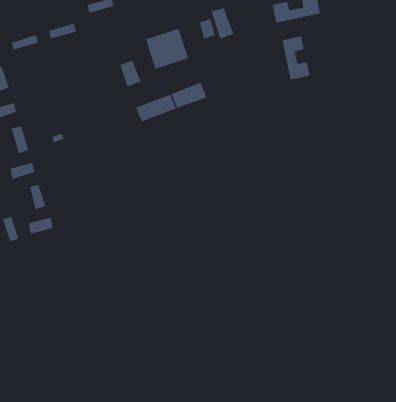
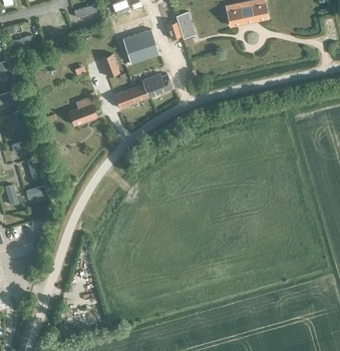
building: [282,35,310,81] -> none
building: none -> [69,96,97,124]

